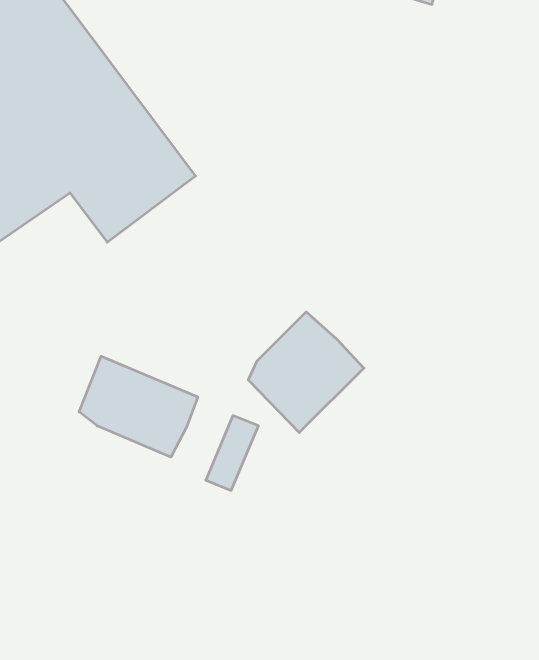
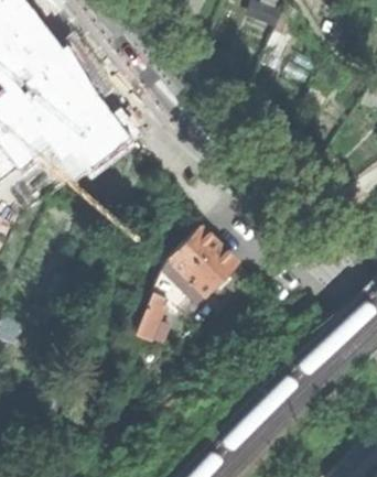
building: [79,356,198,457] -> none

